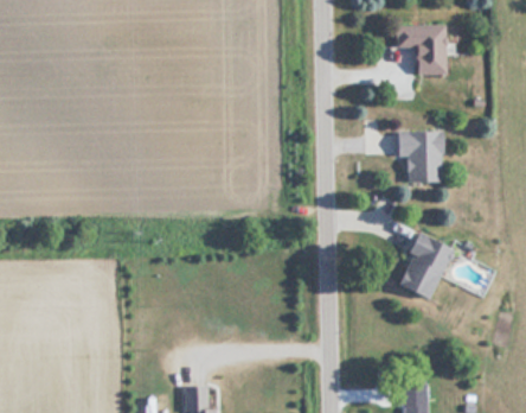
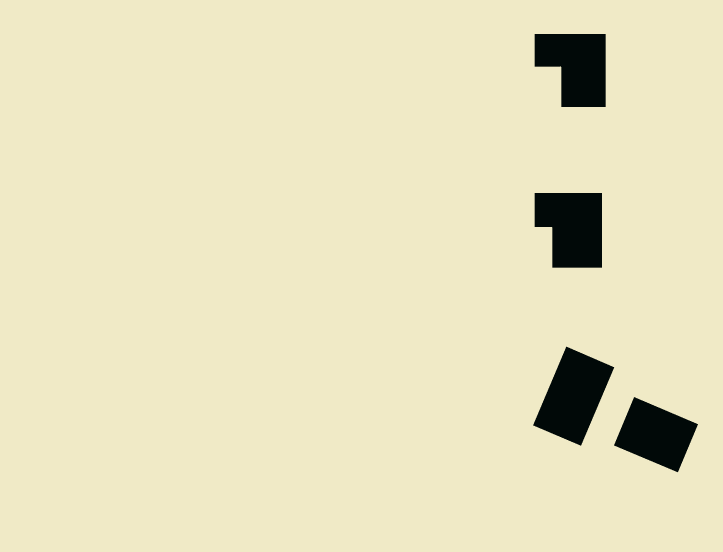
building: none -> [613,396,699,473]

